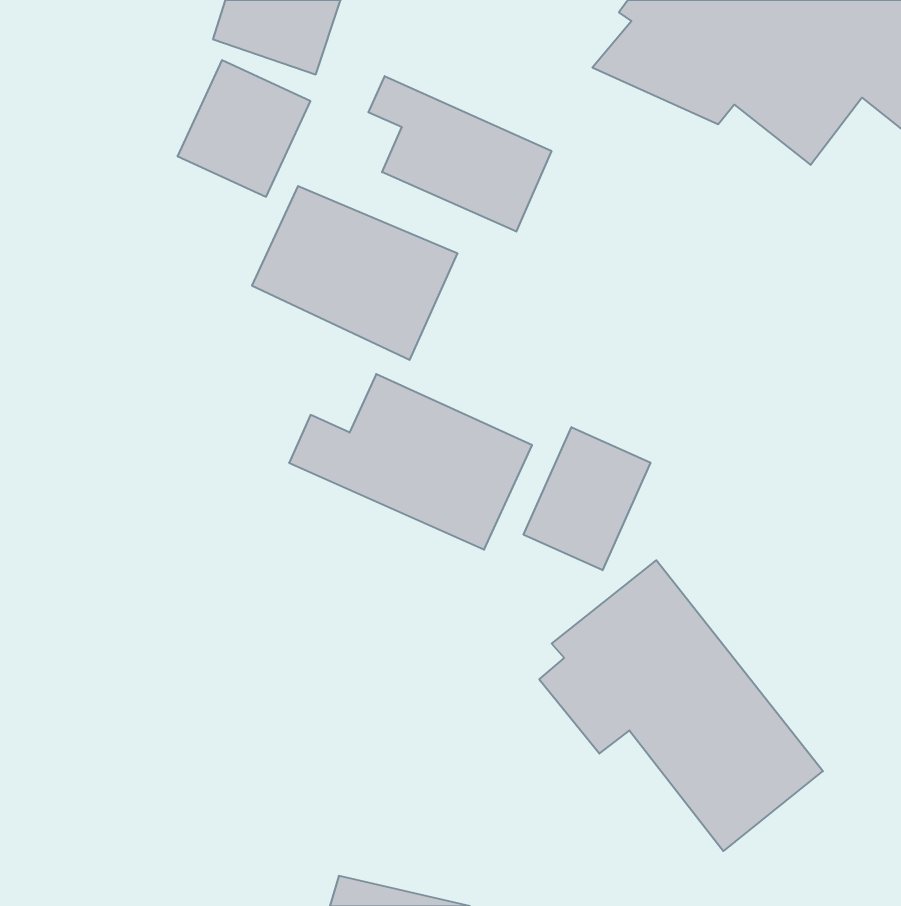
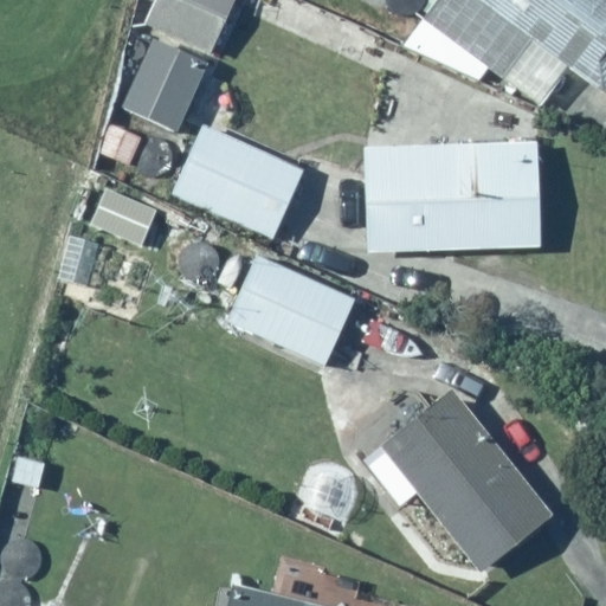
building: [368,76,551,232] -> none
building: none -> [362,144,541,249]
building: [524,427,650,570] -> none

